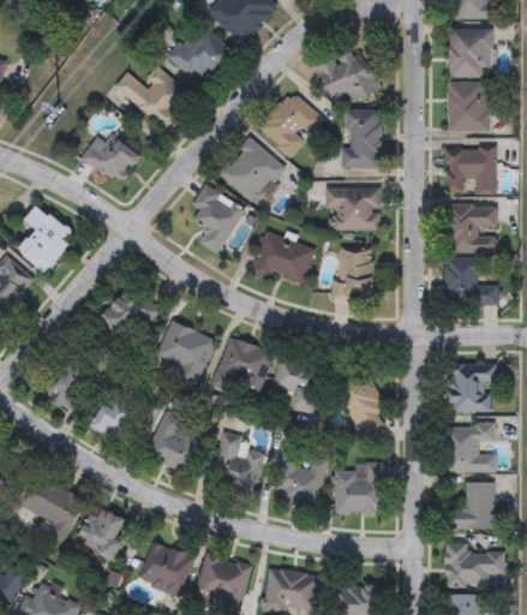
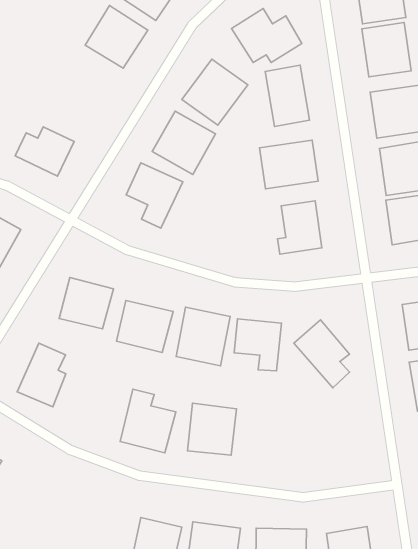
building: [113,67,191,129] -> none
building: [251,231,315,285] -> none
building: [90,393,139,443] -> none
building: [271,449,327,508] -> none
building: [334,462,384,512] -> none
building: [22,476,85,543] -> none
building: [76,503,130,557] -> none

